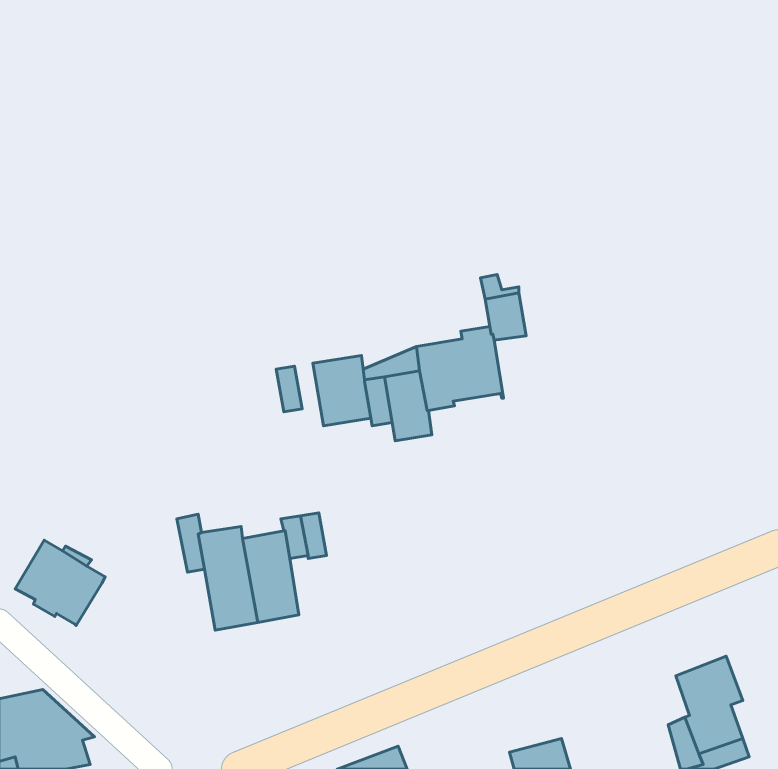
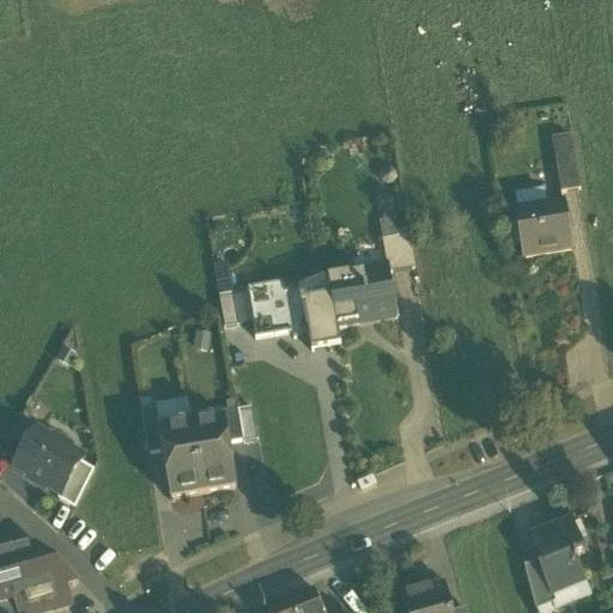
building: none -> [553,146,578,188]
building: none -> [516,201,570,254]
building: none -> [56,457,92,504]

